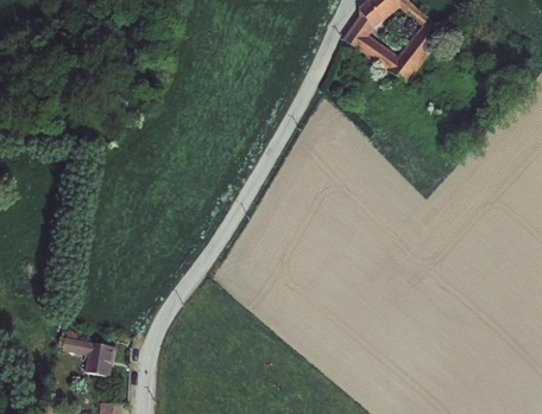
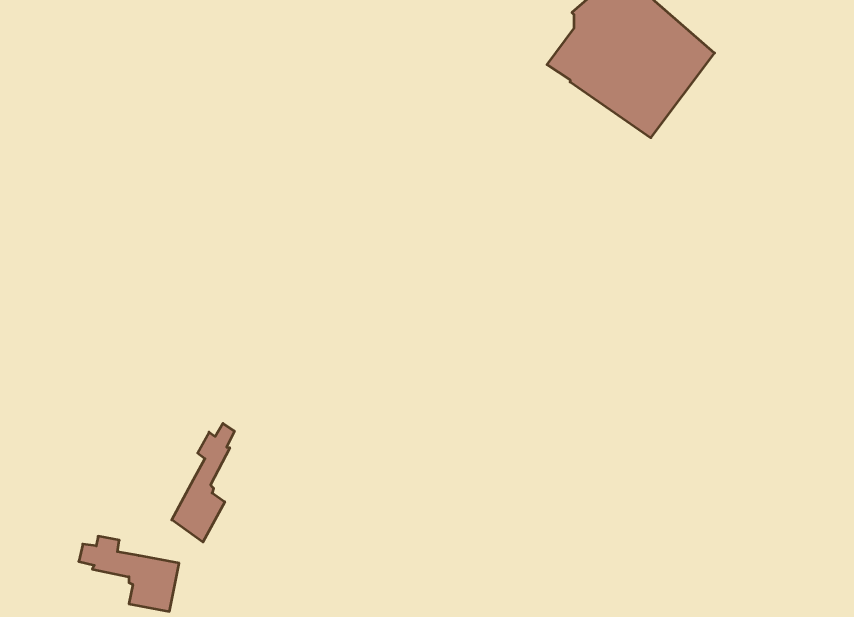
building: none -> [172,423,234,542]

